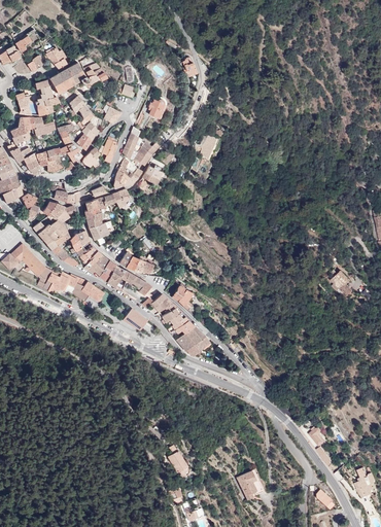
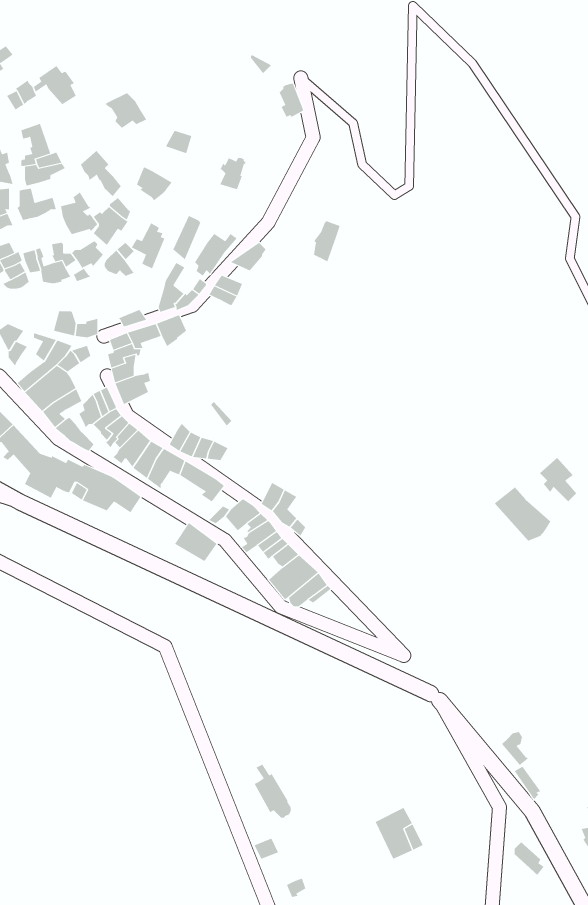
building: [47,62,85,94] -> none
building: none -> [494,486,551,541]

